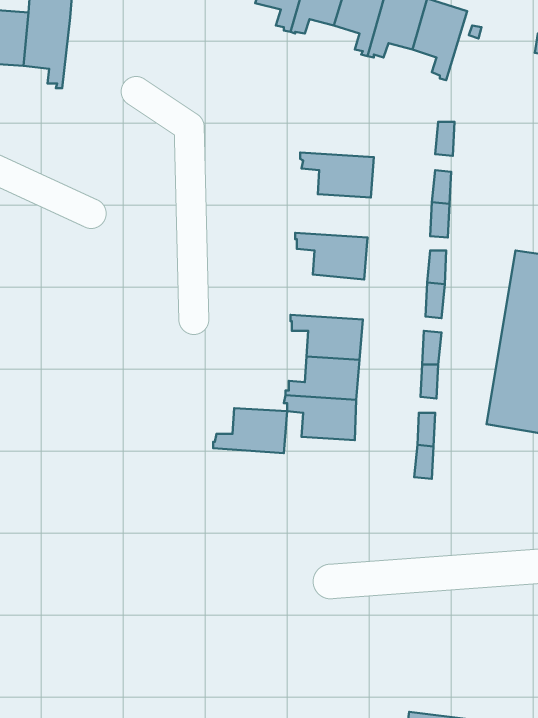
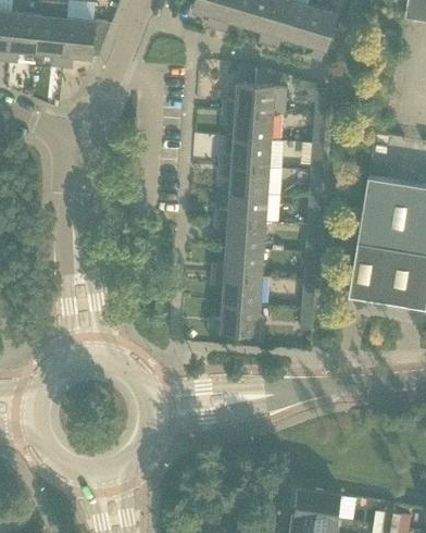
building: none -> [62,18,112,67]
building: none -> [223,83,287,114]
building: none -> [220,138,271,168]
building: none -> [216,193,266,223]
building: [213,408,287,453] -> [210,302,260,333]

